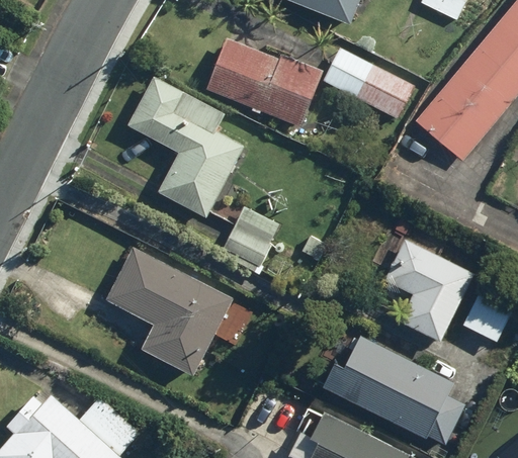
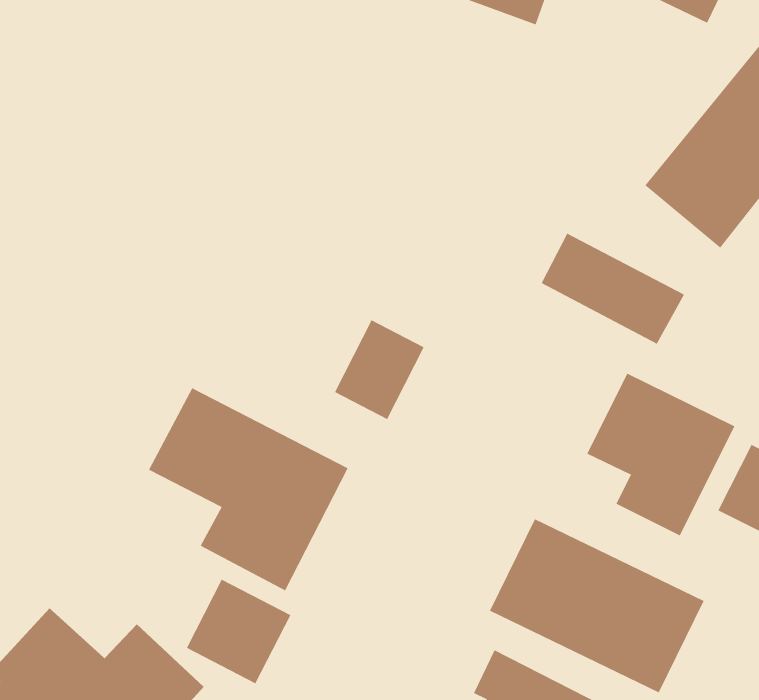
building: [206,37,323,125] -> none
building: [325,50,415,119] -> [541,233,685,345]
building: [127,77,244,217] -> none
building: none -> [186,579,291,684]

